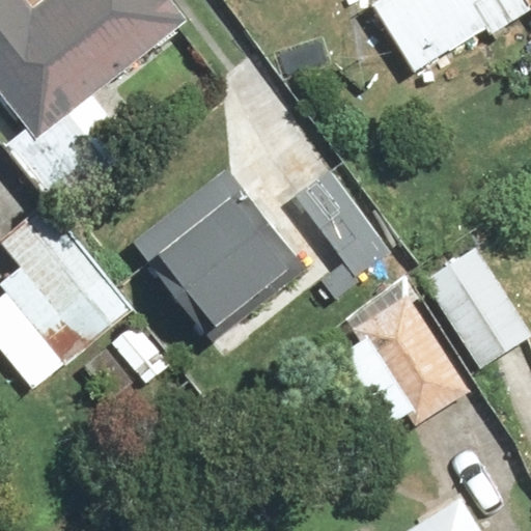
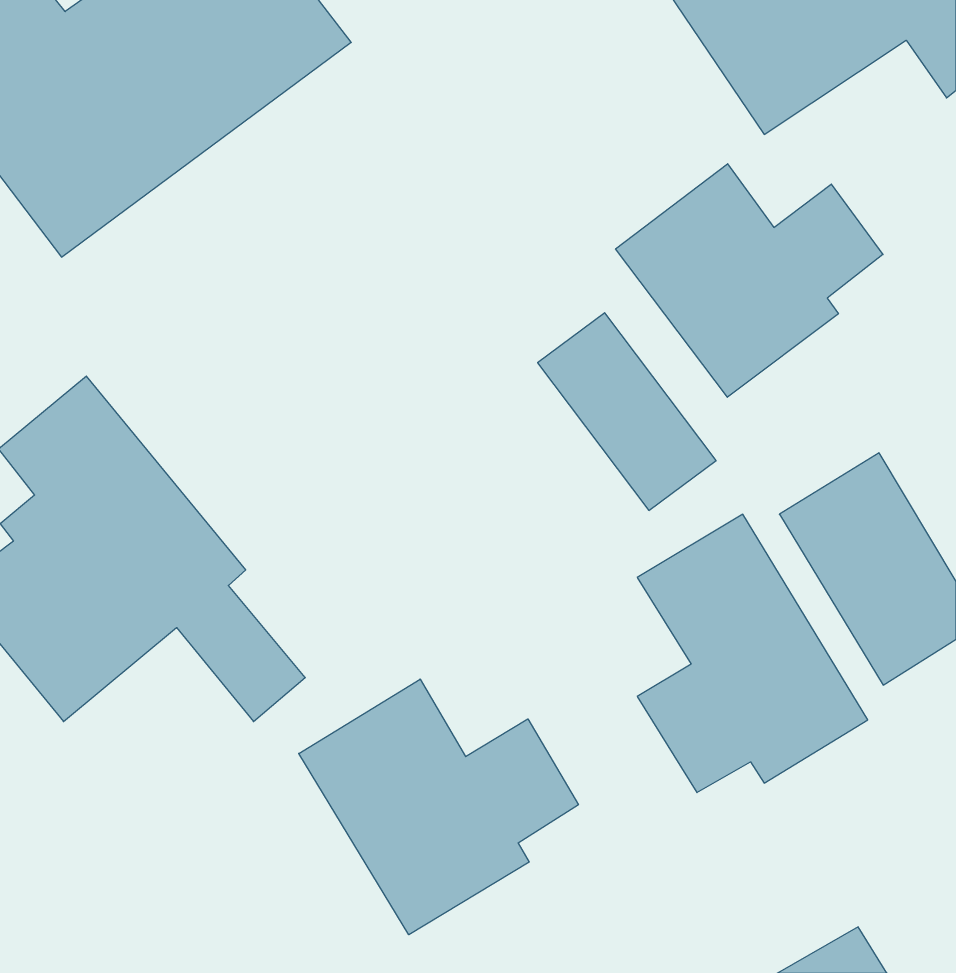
building: none -> [616,164,883,397]
building: [133,168,303,339] -> none
building: none -> [299,679,578,935]

